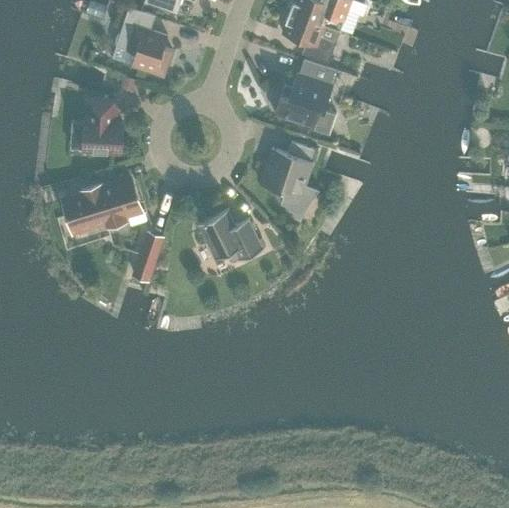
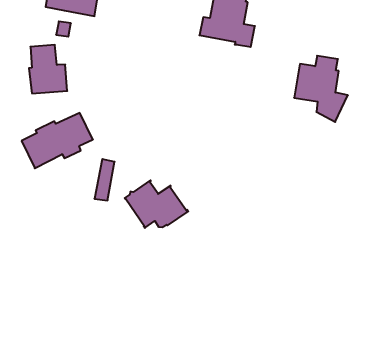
building: [259,142,318,217] -> [294,56,348,122]
building: [197,209,264,262] -> [125,180,188,228]

